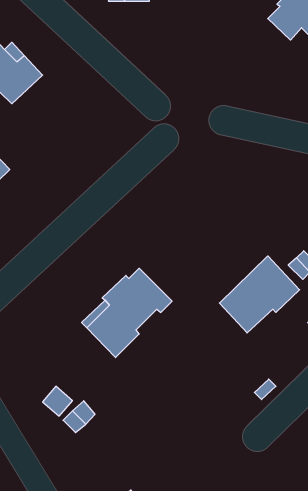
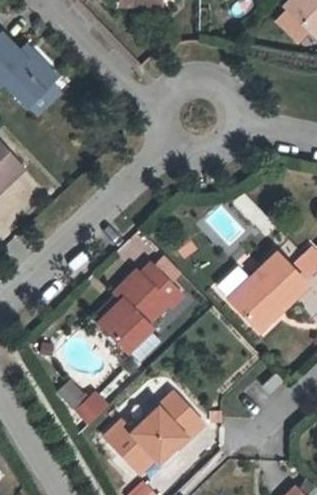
building: none -> [106,393,201,473]

